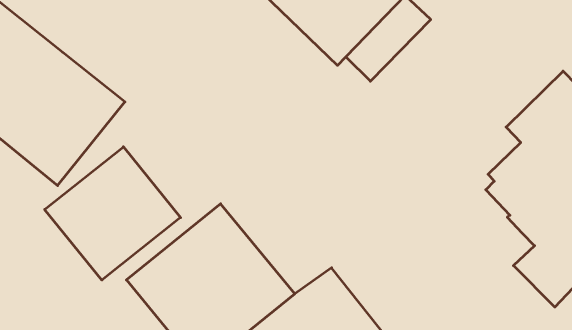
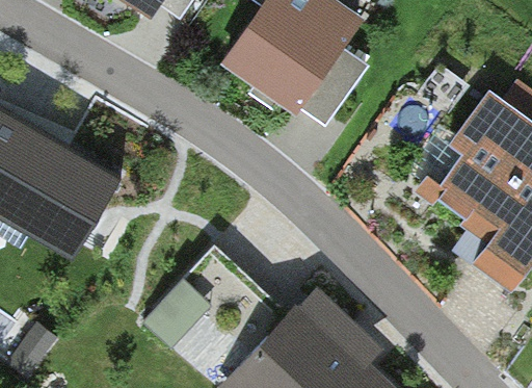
building: [45,147,181,280] -> none

